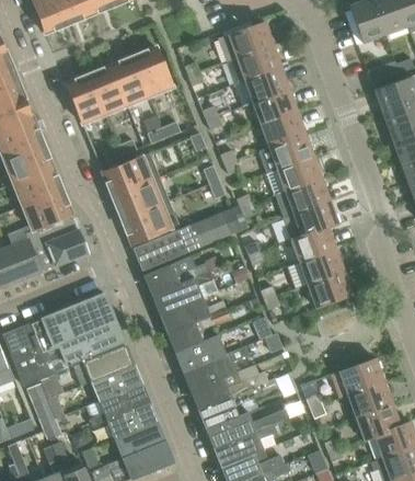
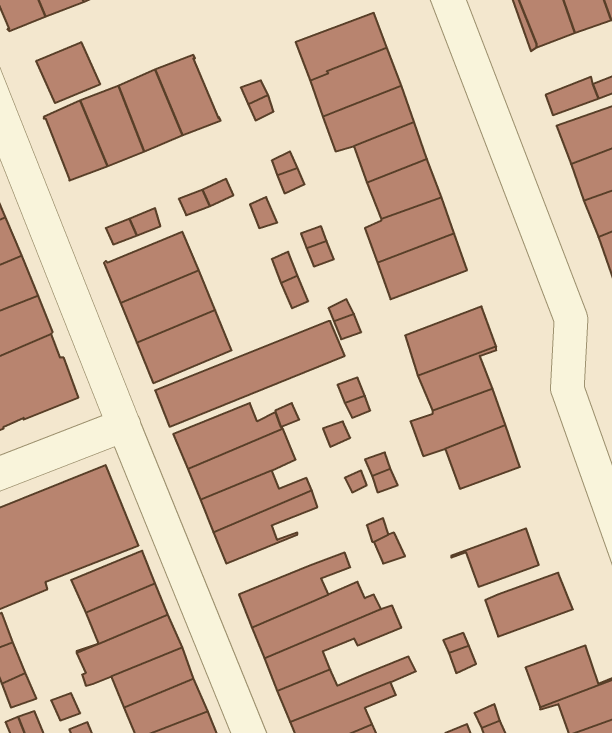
building: none -> [36,42,100,103]
building: [274,176,328,216] -> none
building: [175,335,226,371] -> none
building: [338,380,391,415] -> [451,528,539,587]

